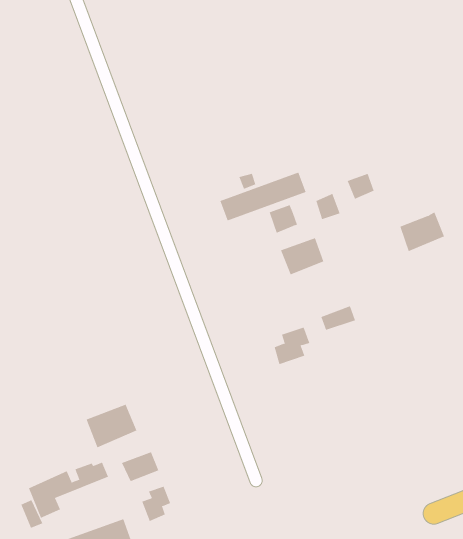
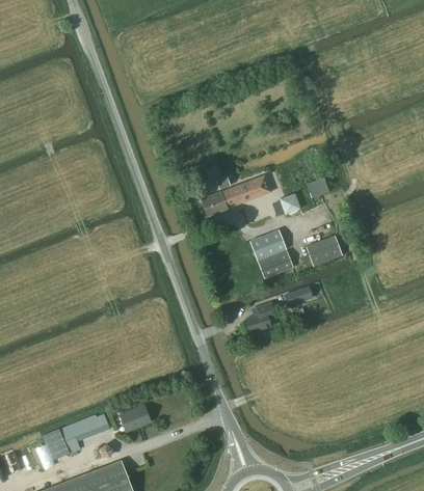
building: [399,211,445,252] -> [306,235,343,268]
building: none -> [258,250,293,279]
building: [86,404,137,448] -> none
building: [142,486,171,522] -> none

